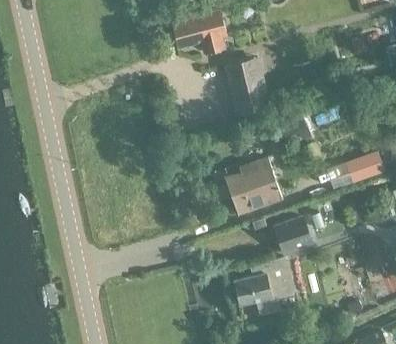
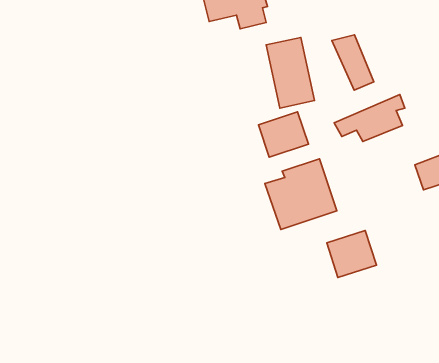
building: none -> [332,35,374,90]
building: none -> [258,112,308,157]
building: [233,257,297,316] -> none

